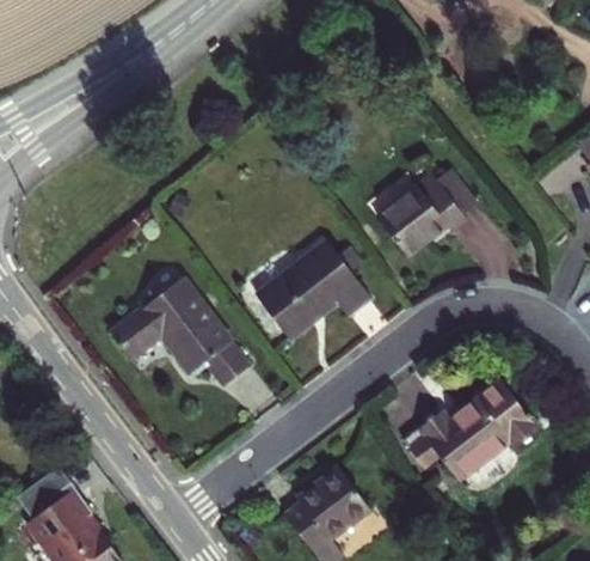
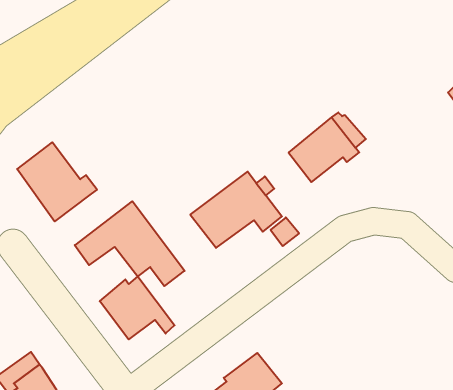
building: none -> [17,142,97,221]
building: none -> [100,277,175,339]
building: [405,379,540,478] -> none

